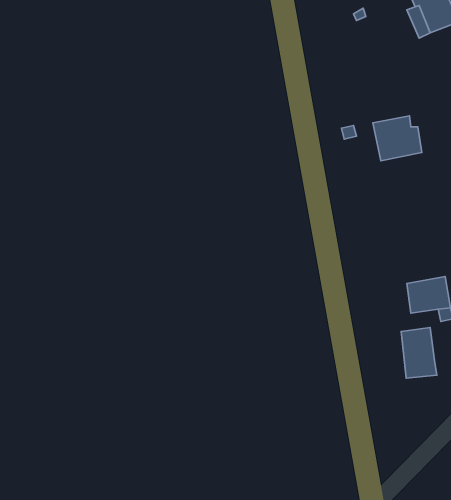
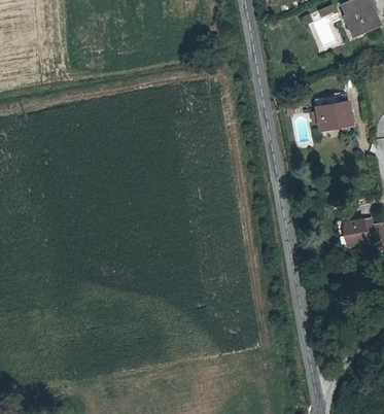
building: [401,327,437,378] -> none

